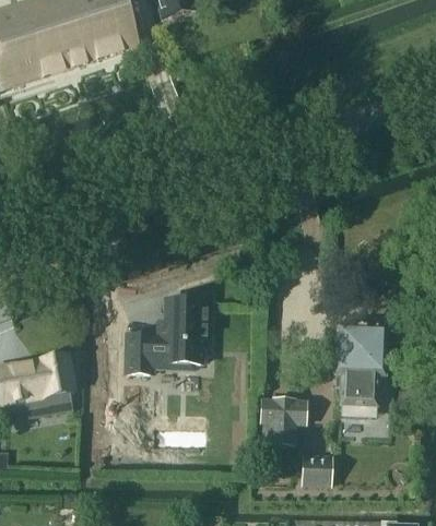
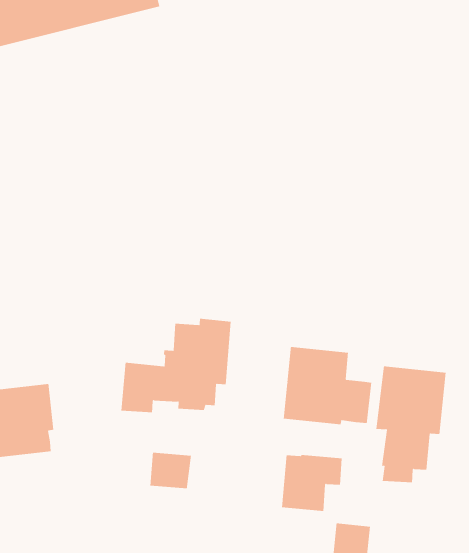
building: none -> [283,346,372,425]
building: none -> [150,452,191,489]

